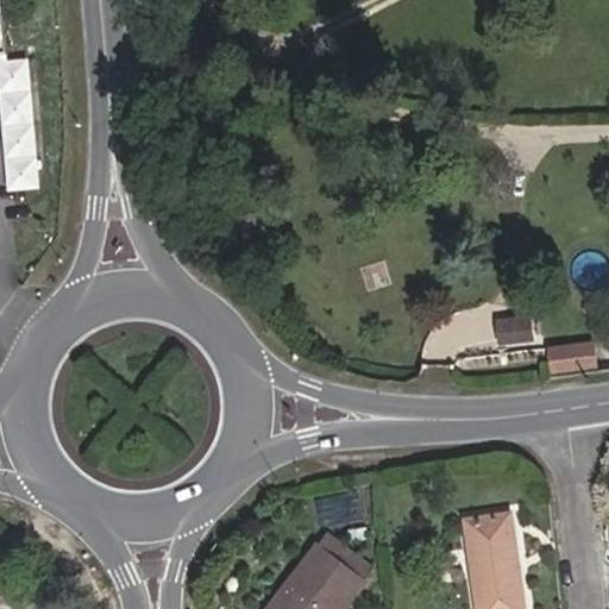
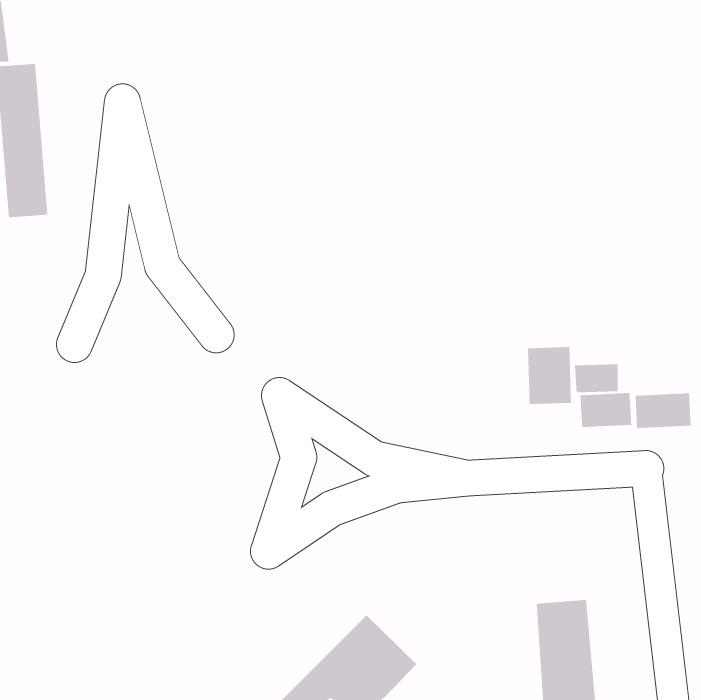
building: none -> [527,346,572,405]
building: none -> [580,392,632,428]

